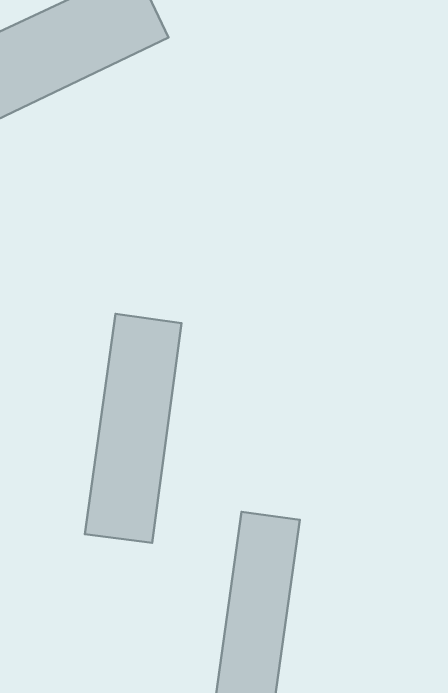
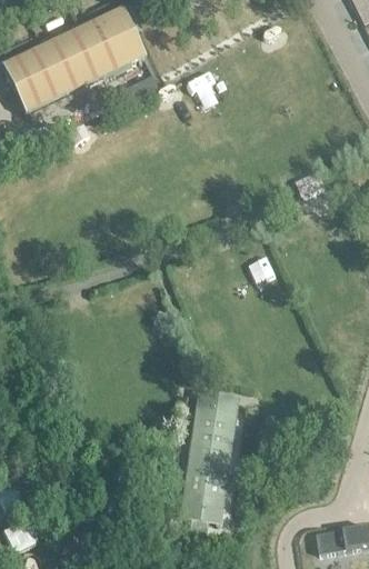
building: [85,314,181,543] -> none

